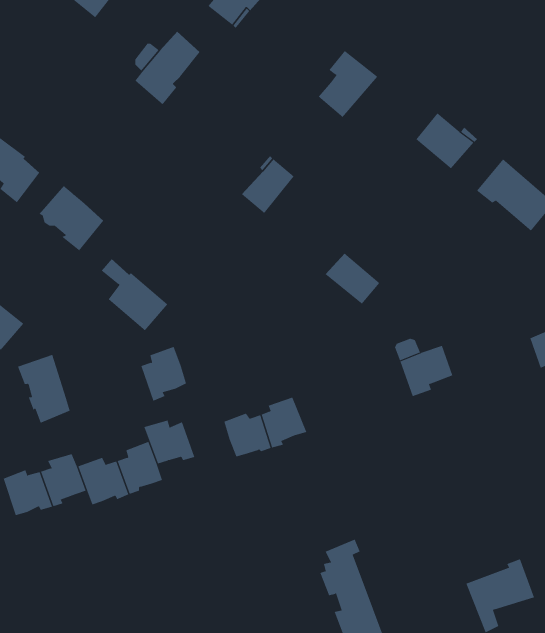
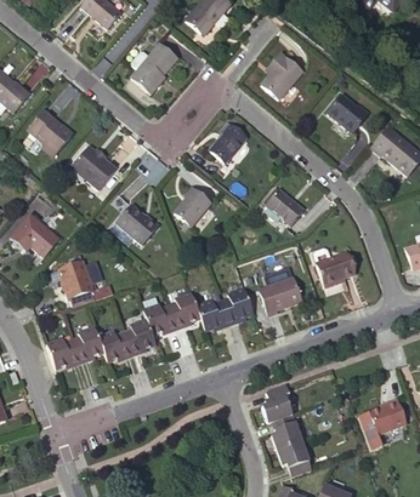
building: none -> [174,185,210,225]
building: [141,346,187,401] -> [169,291,200,329]
building: none -> [259,276,301,315]

